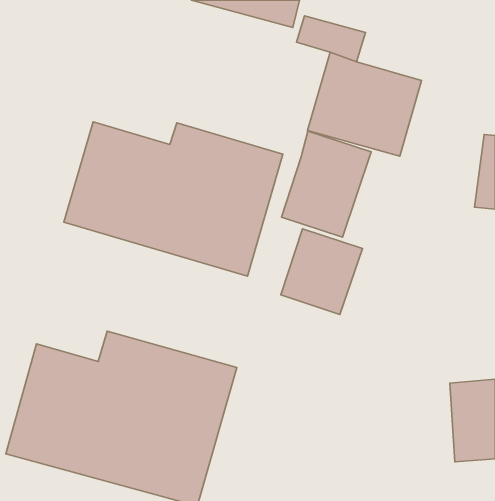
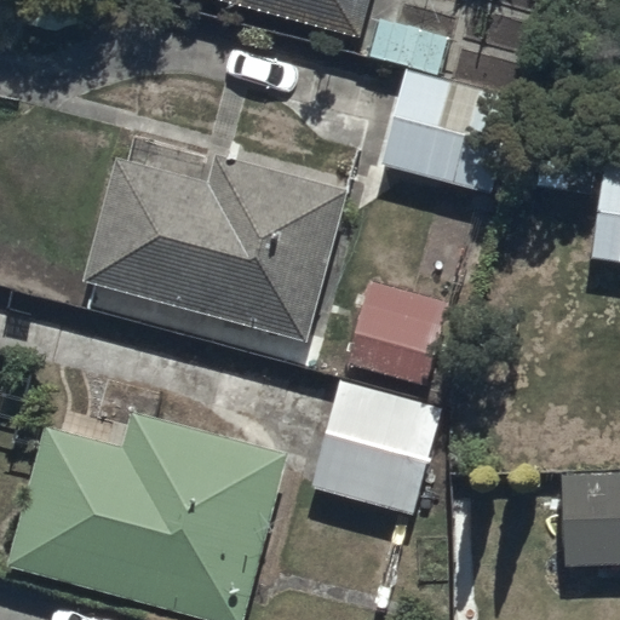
building: [281,131,371,237] -> none
building: none -> [310,377,448,519]

